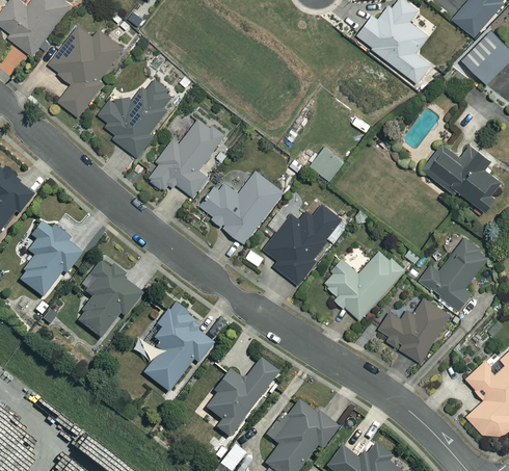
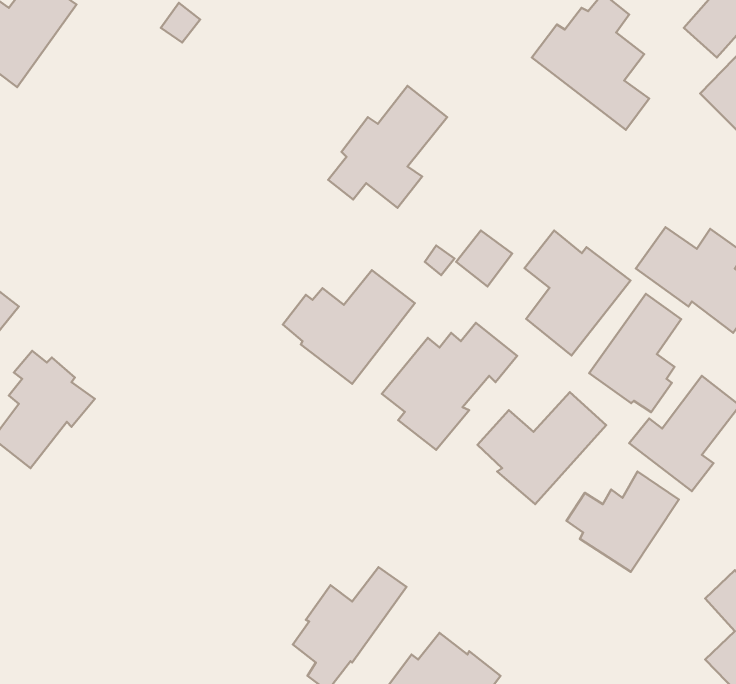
building: [48,26,124,116] -> none
building: [99,80,177,157] -> none
building: [149,120,223,197] -> [328,86,447,208]
building: none -> [525,231,631,356]
building: none -> [589,294,681,412]
building: [76,260,142,338] -> none
building: [143,303,213,392] -> none

